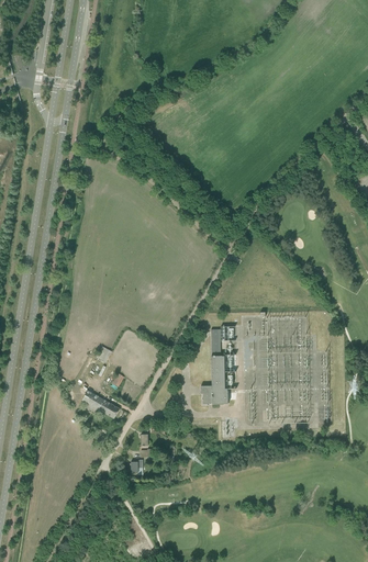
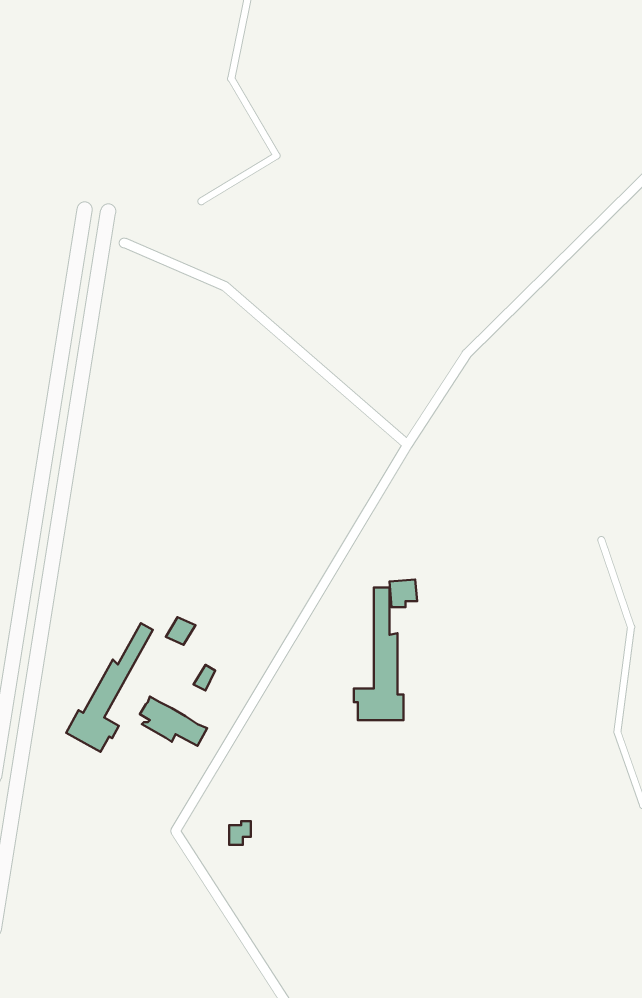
building: none -> [66,623,153,752]

